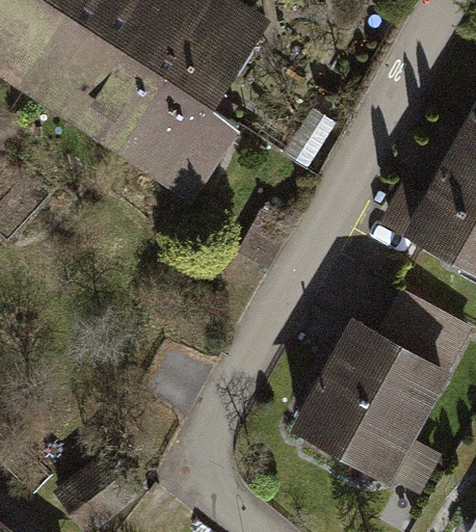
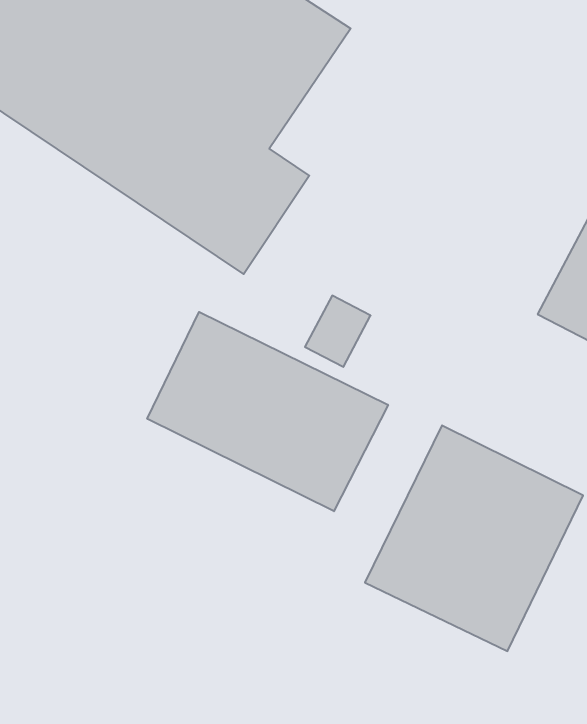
building: none -> [147,312,388,511]

